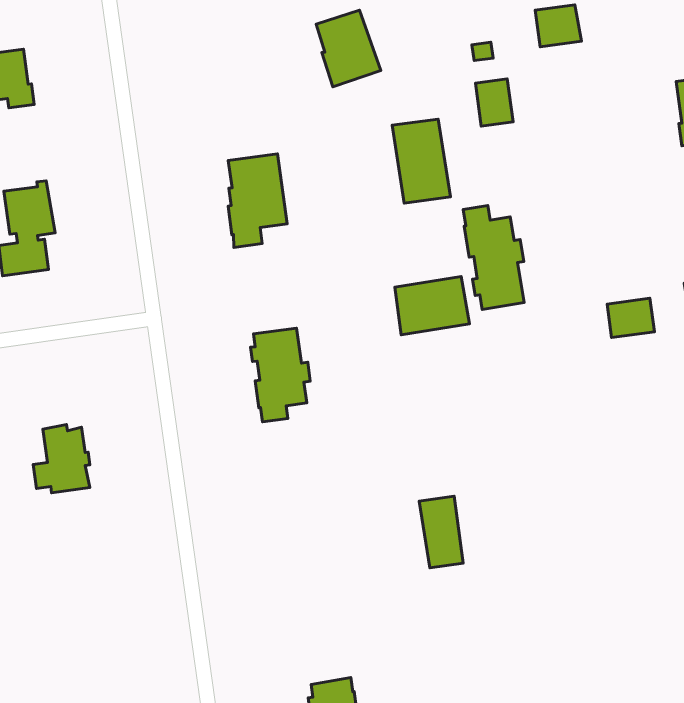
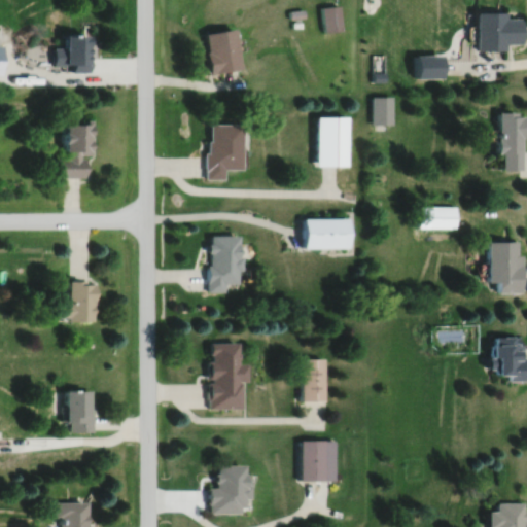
building: [316,10,381,87] -> [207,30,244,76]
building: [463,206,524,309] -> none
building: [607,298,655,338] -> [432,208,460,230]
building: none -> [209,342,247,408]
building: none -> [65,389,96,431]
building: none -> [303,440,337,481]

